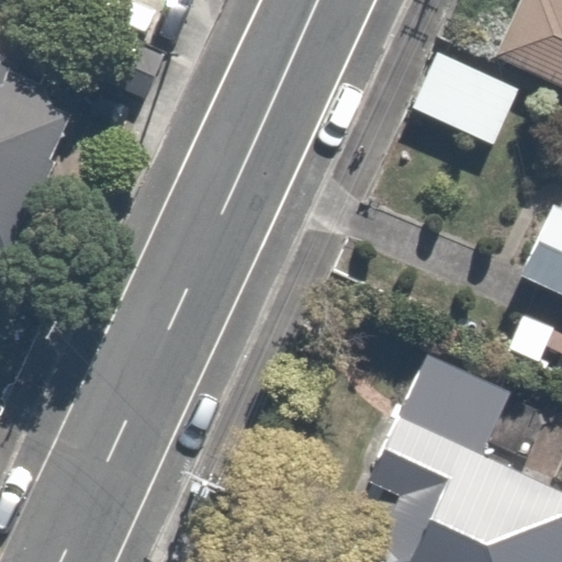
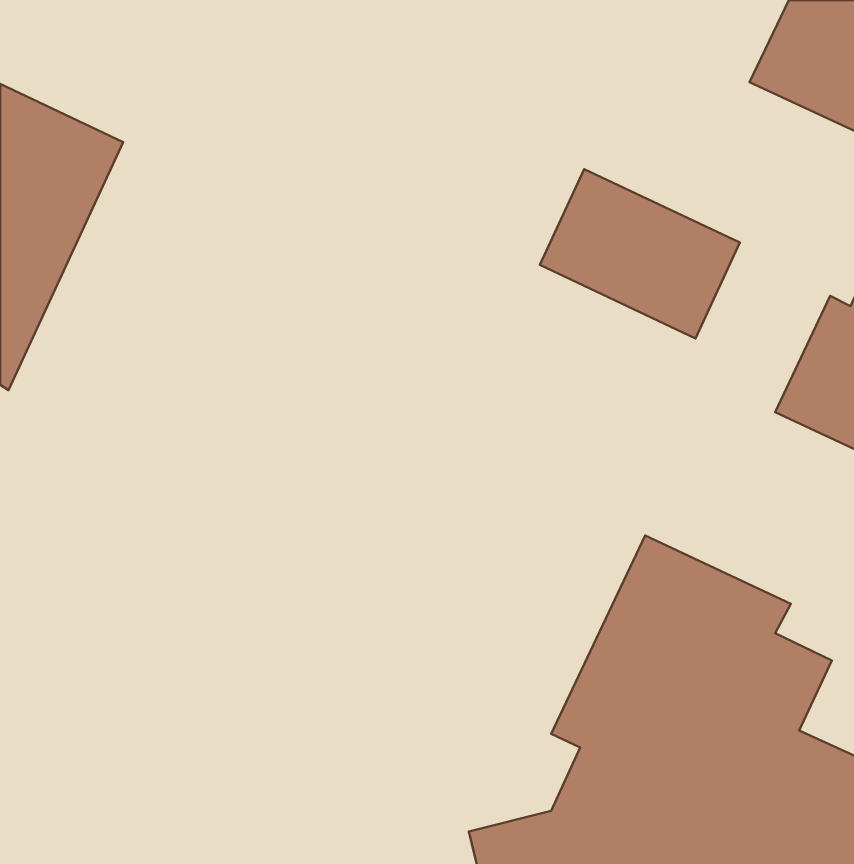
building: [409,50,538,159] -> [540,169,740,338]

